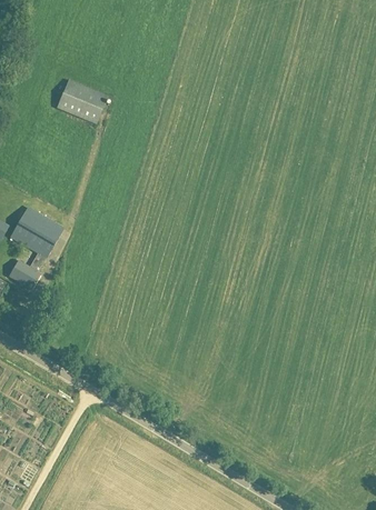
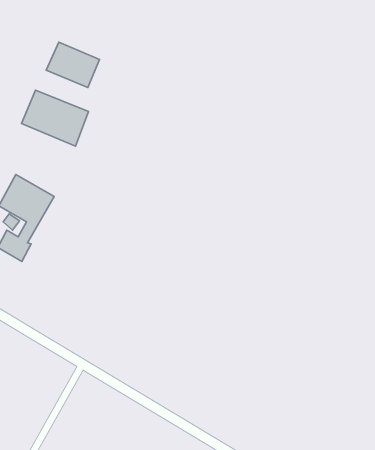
building: none -> [22,90,88,146]

